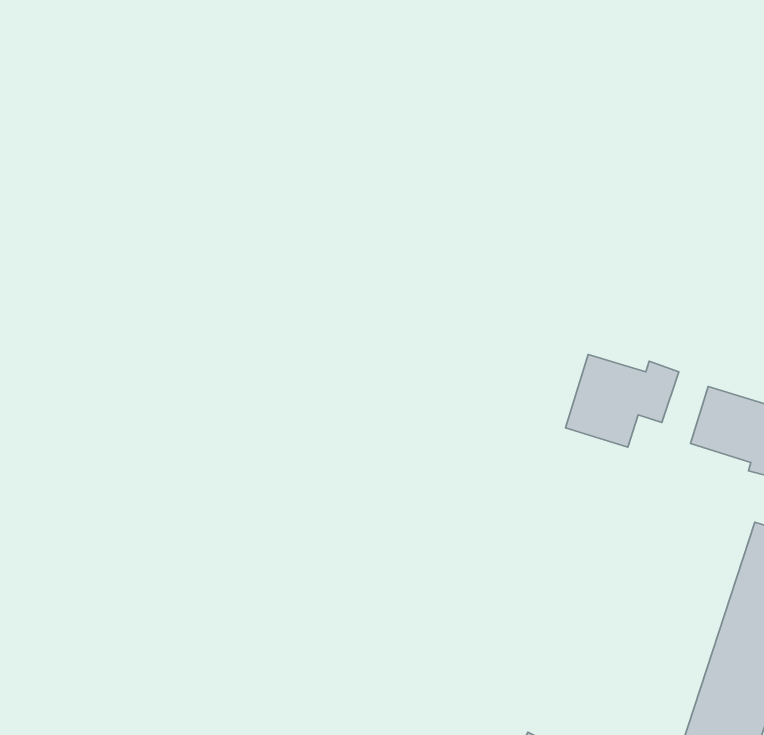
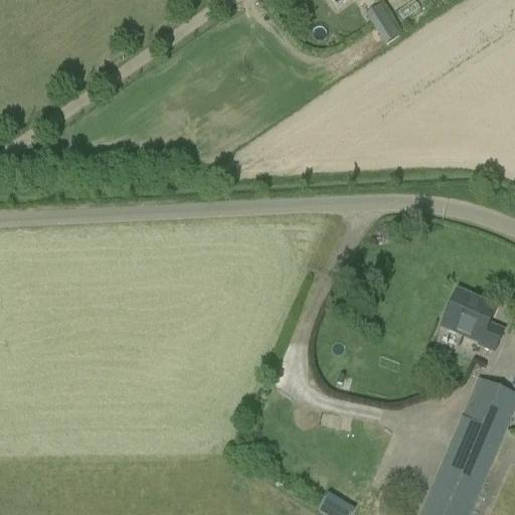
building: [566,355,679,447] -> none

